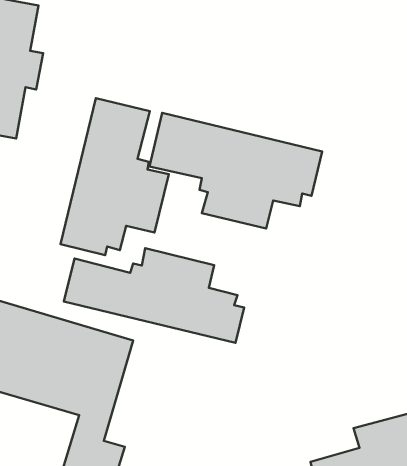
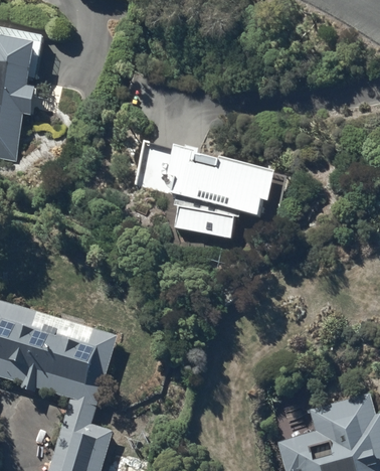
building: [61,98,169,255] -> none
building: [64,248,244,343] -> none

